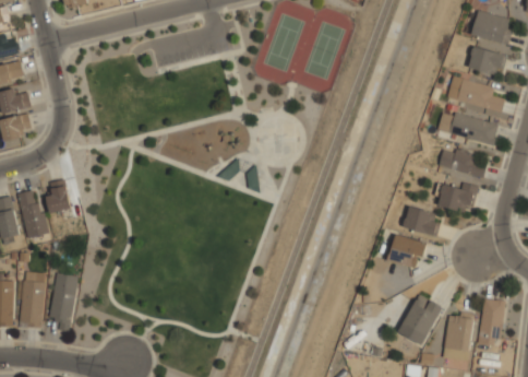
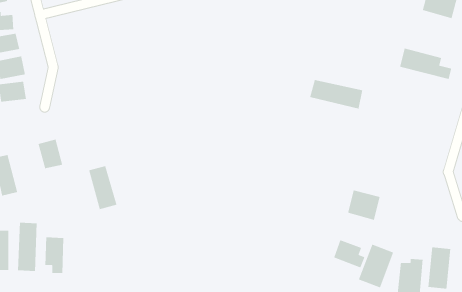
building: [468,46,504,74] -> none
building: [437,110,497,144] -> [309,79,363,109]
building: [439,149,485,175] -> none
building: [437,182,478,212] -> none
building: [16,187,49,237] -> [88,165,118,210]
building: [403,205,439,236] -> none
building: none -> [333,239,365,268]

